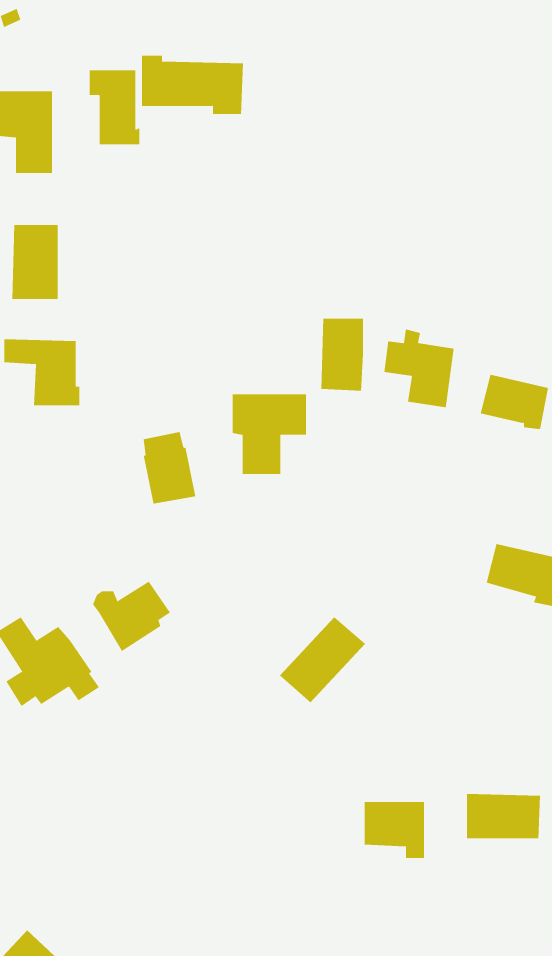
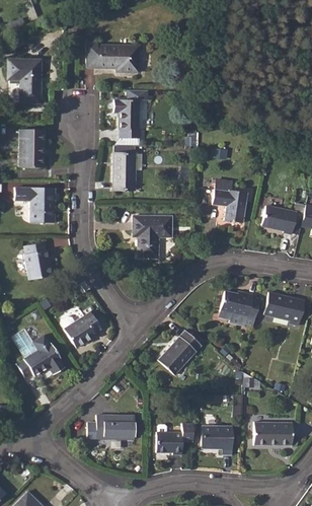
building: [89,70,140,145] -> [114,98,141,137]
building: [320,318,364,391] -> [113,152,136,190]
building: [143,431,196,504] -> [25,241,53,279]
building: none -> [221,290,259,326]
building: none -> [88,414,136,438]
building: none -> [156,424,193,453]

